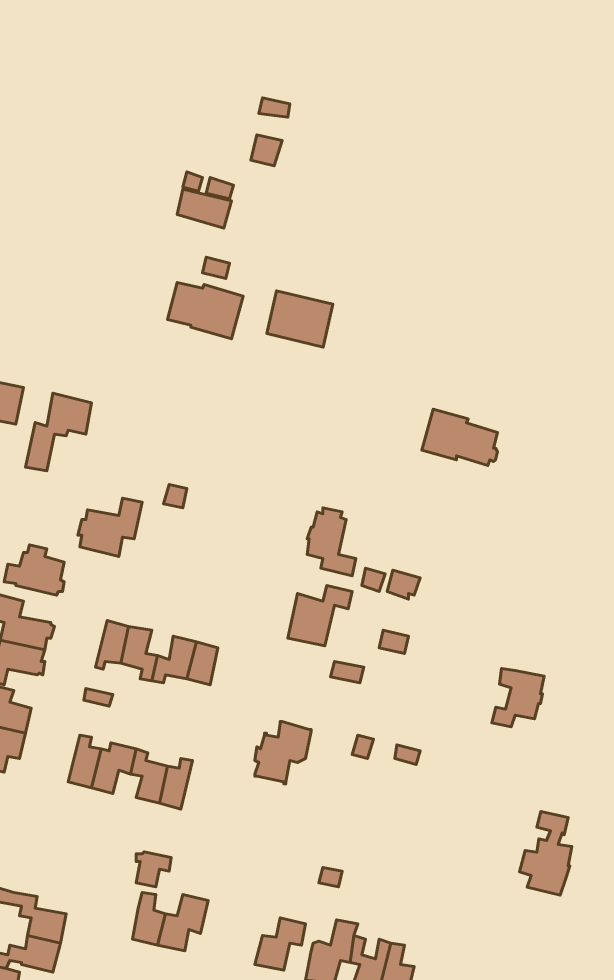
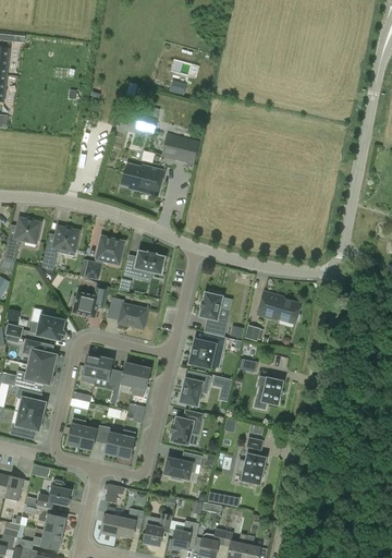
building: [267,291,333,347] -> [160,132,197,163]
building: [422,409,497,466] -> [257,291,299,323]
building: none -> [84,235,124,279]
building: none -> [123,251,163,279]
building: none -> [108,296,147,328]
building: none -> [179,373,210,405]
building: [492,668,544,727] -> [253,376,282,409]
building: none -> [162,451,201,480]
building: [519,812,572,895] -> [235,437,265,484]
building: none -> [35,480,69,508]
building: none -> [142,512,171,546]

